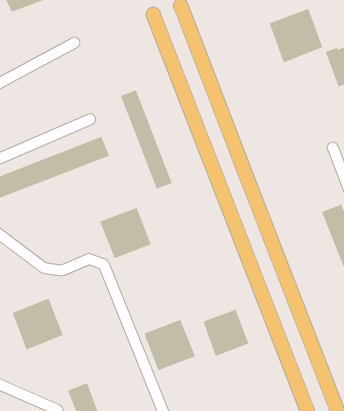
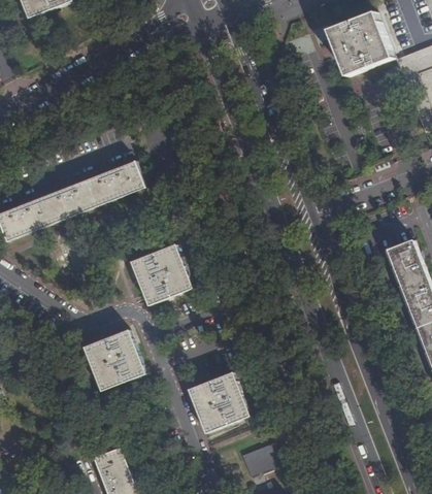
building: [120,90,173,189] -> none
building: [12,298,64,350] -> [85,329,144,390]
building: [203,309,249,357] -> none
building: none -> [236,441,277,476]

